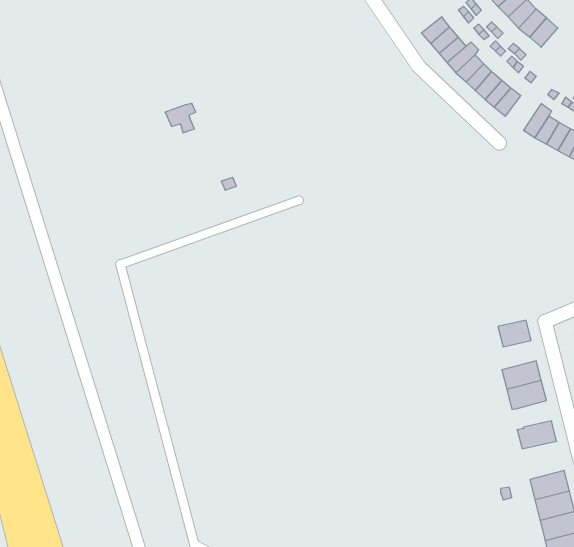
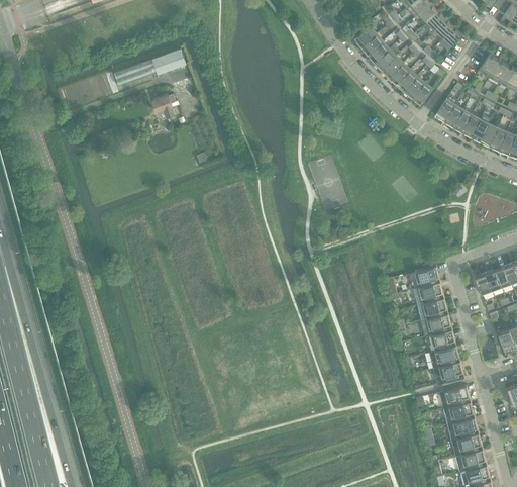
building: none -> [112,50,185,86]
building: none -> [413,282,444,305]
building: none -> [430,329,456,351]
building: none -> [433,362,464,385]

